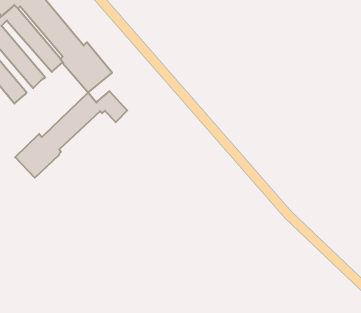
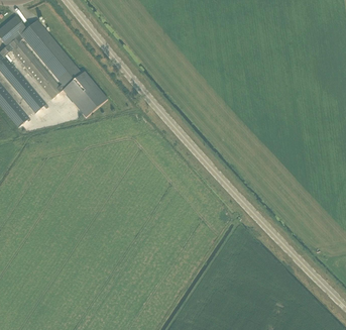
building: [15,91,127,178] -> none

